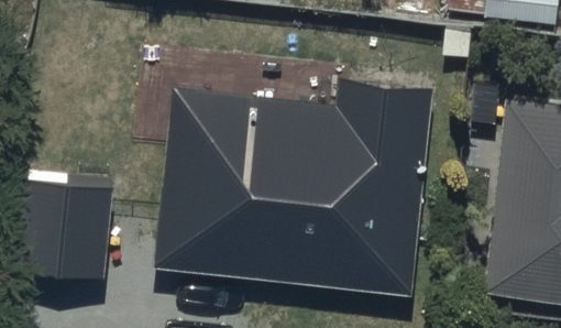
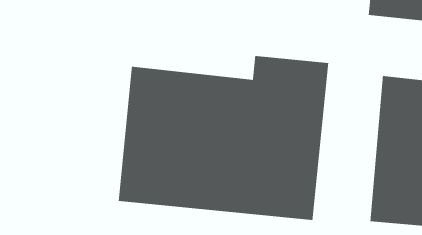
building: [13,185,108,276] -> none

